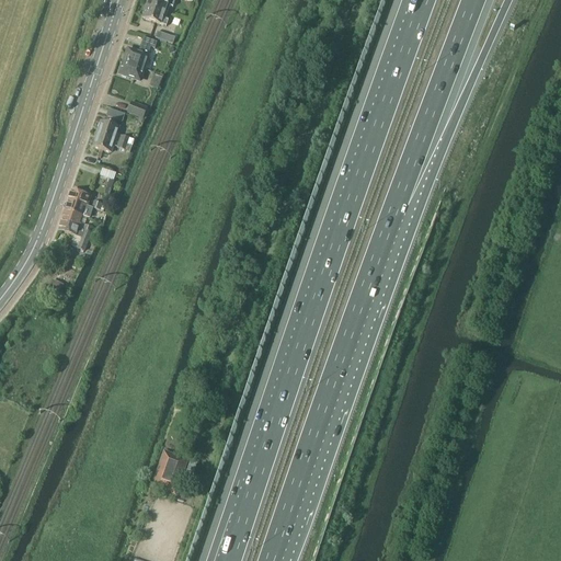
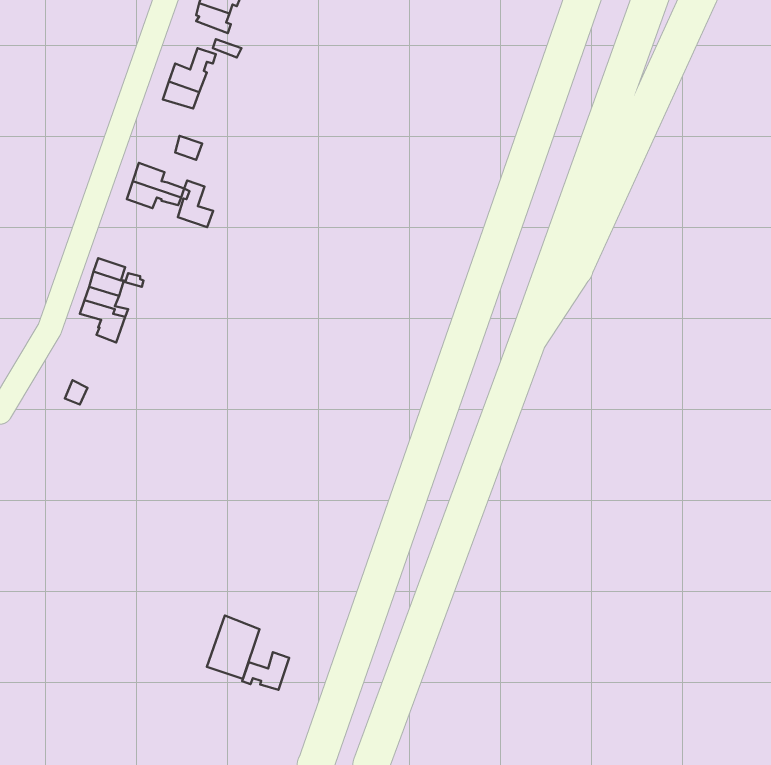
building: none -> [178,180,213,227]
building: none -> [242,652,289,690]

